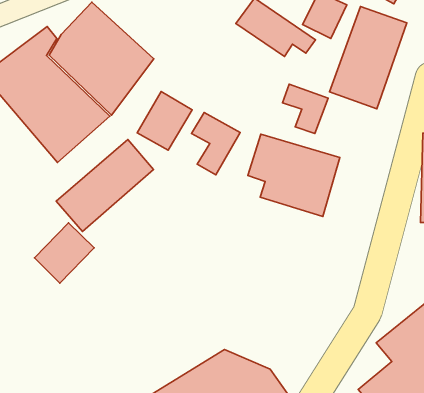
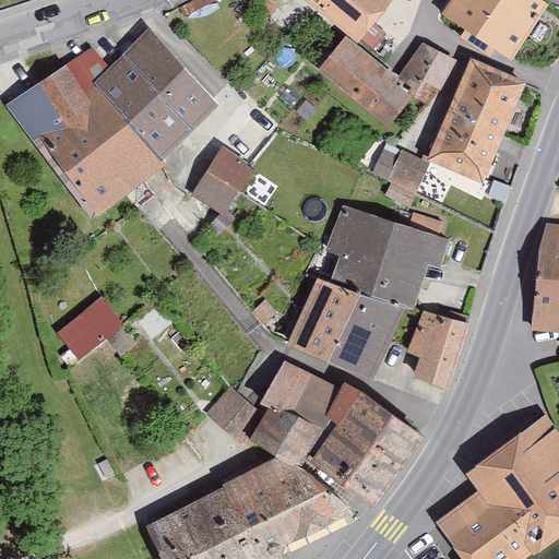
building: [192,113,240,175] -> none
building: [56,140,153,231] -> none
building: none -> [287,278,408,383]
building: none -> [402,308,468,393]
building: none -> [205,356,426,508]

